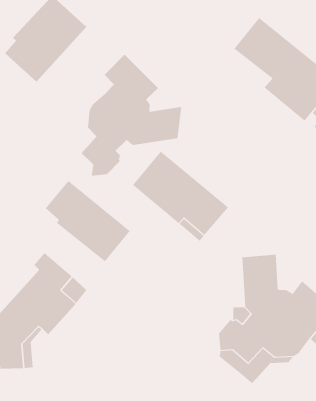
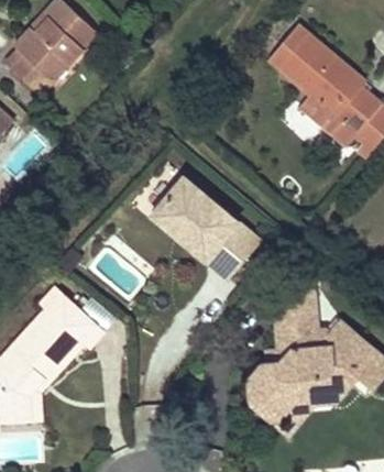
building: [81,54,182,176] -> none
building: [45,180,130,262] -> none

